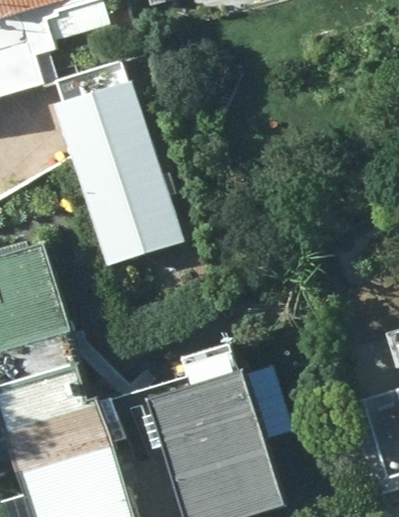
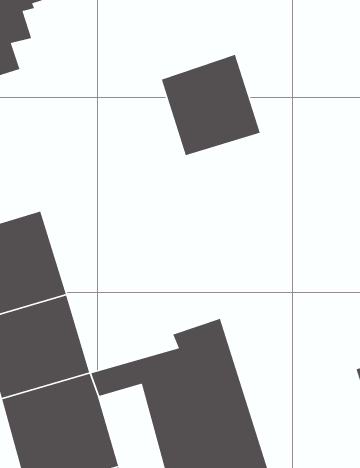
building: [47,74,178,258] -> none
building: none -> [161,54,261,156]

